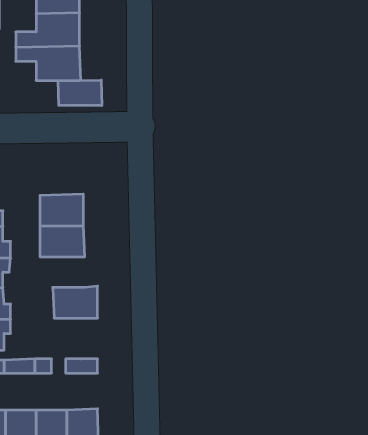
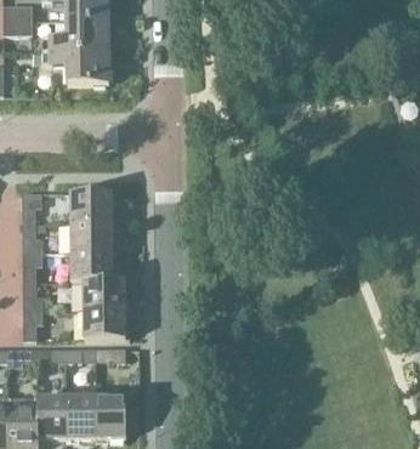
building: [58,80,102,106] -> none
building: none -> [69,249,112,279]
building: none -> [83,307,125,337]

